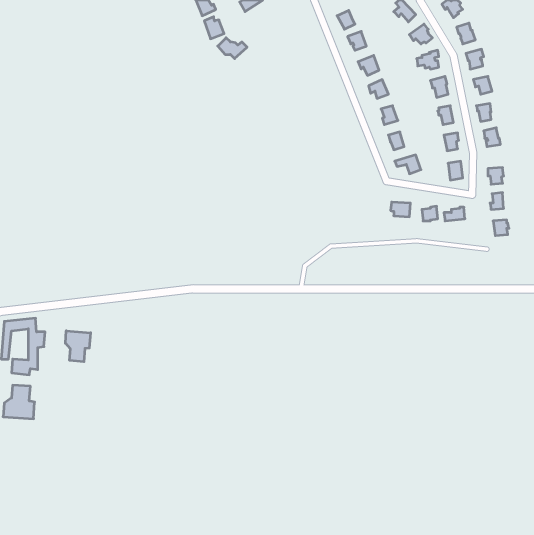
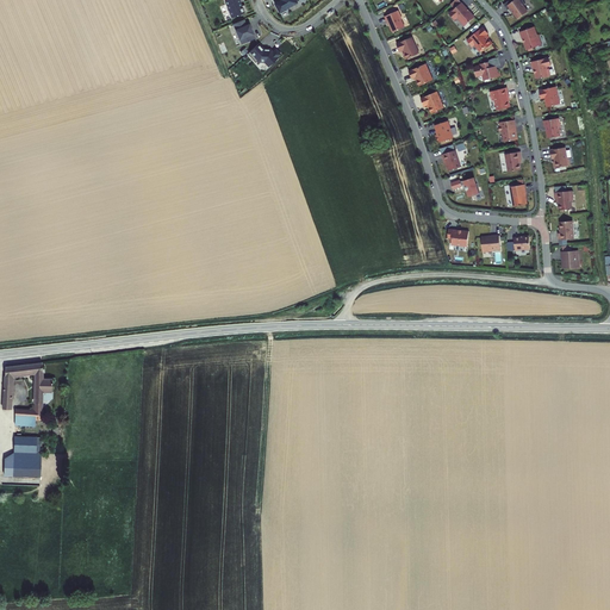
building: [65,331,91,362] -> none

